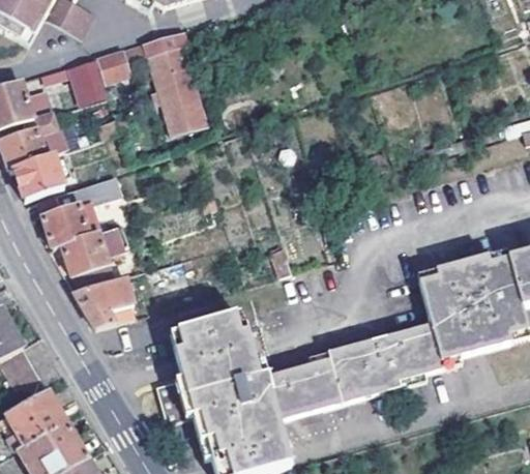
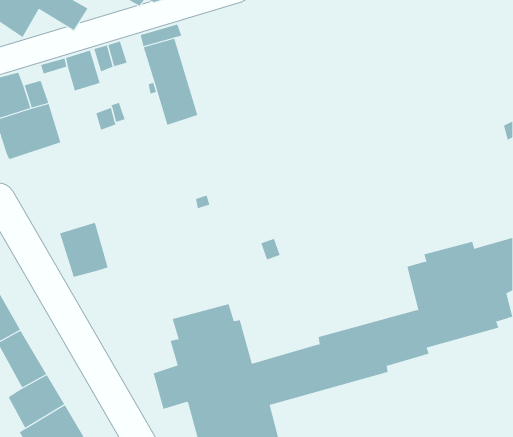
building: [13,151,69,198] -> none
building: [36,175,120,247] -> none
building: [73,275,134,326] -> none

